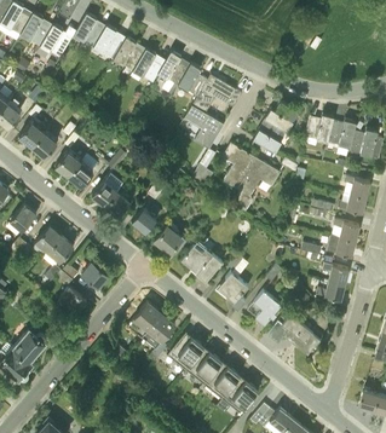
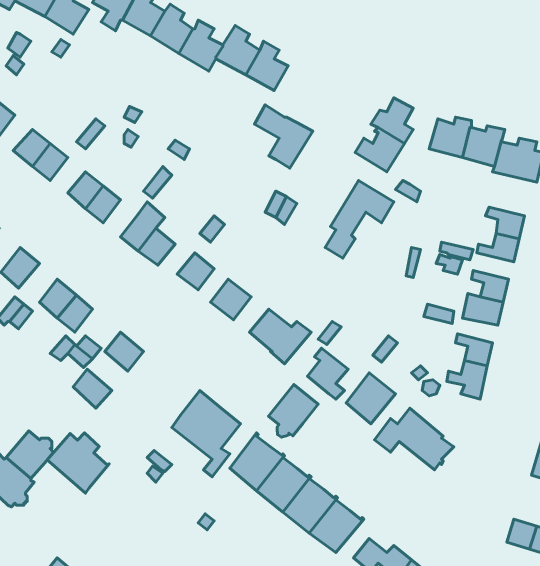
building: [191,74,242,114] -> none
building: [221,143,255,189] -> none
building: none -> [269,384,318,437]
building: none -> [47,433,109,493]

